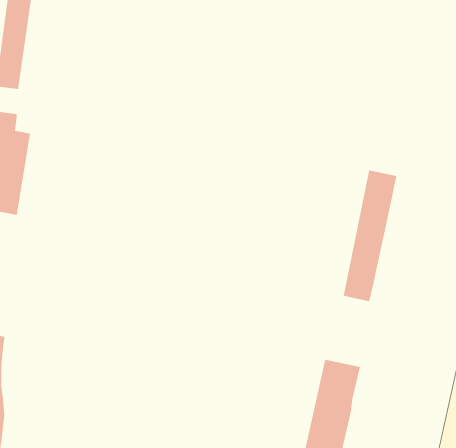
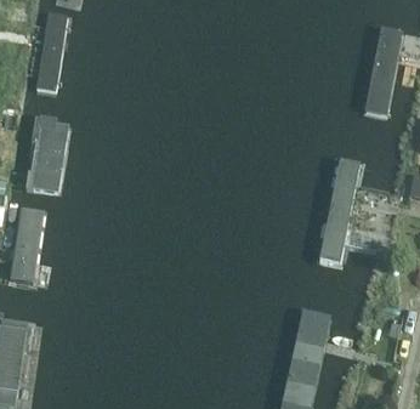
building: none -> [363,29,403,117]

